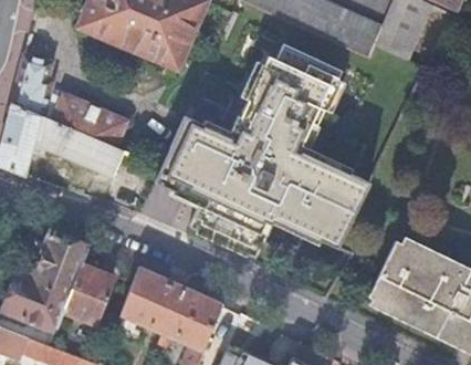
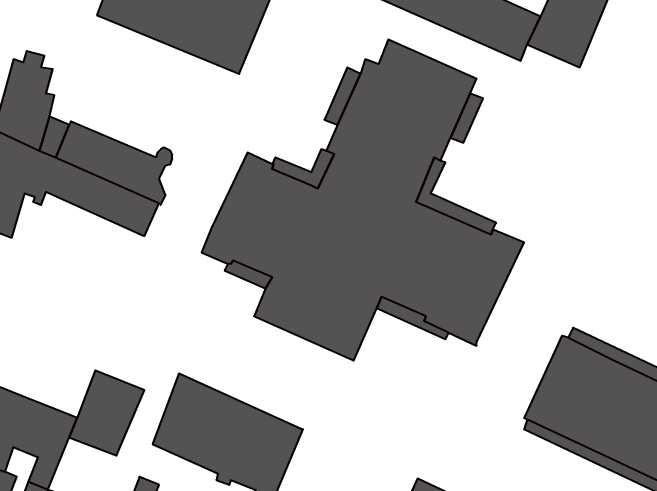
building: [33,233,88,298] -> none

